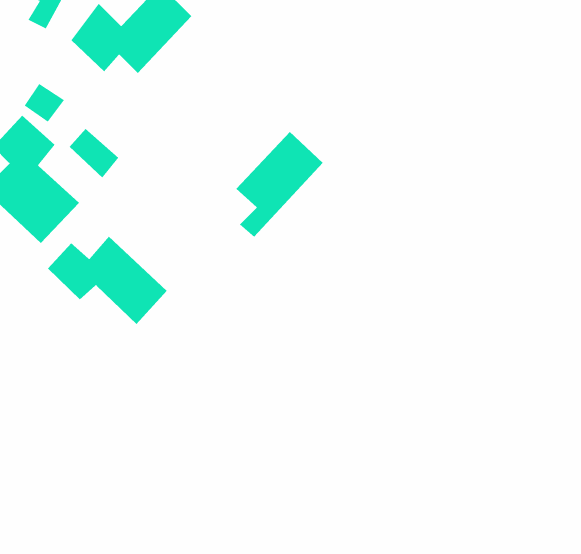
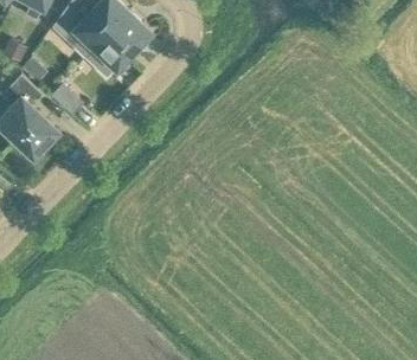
building: [236,131,323,237] -> [94,13,149,81]
building: [47,236,168,325] -> none

